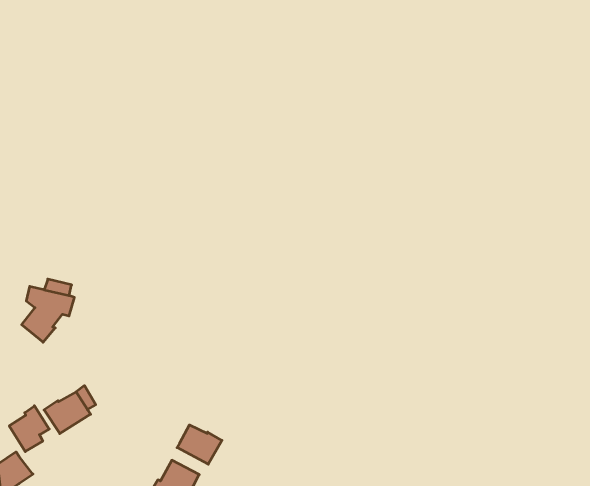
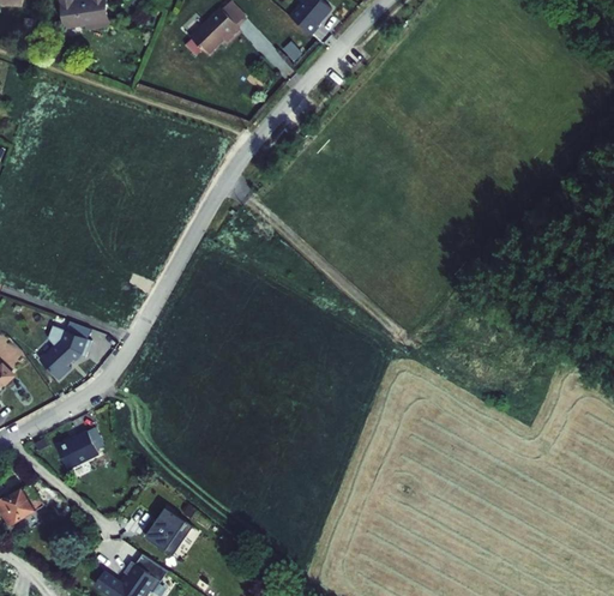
building: [9,406,49,452] -> none
building: [177,425,222,464] -> none

